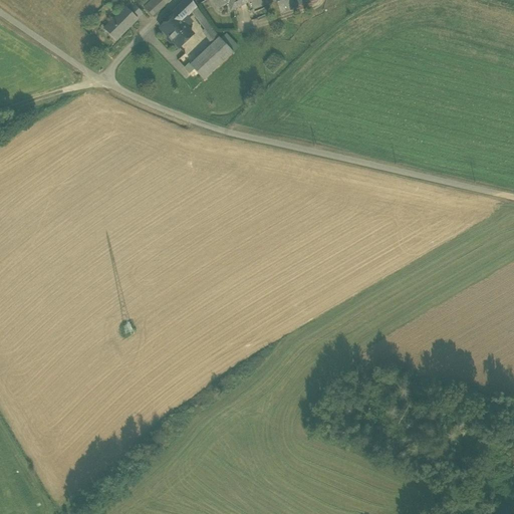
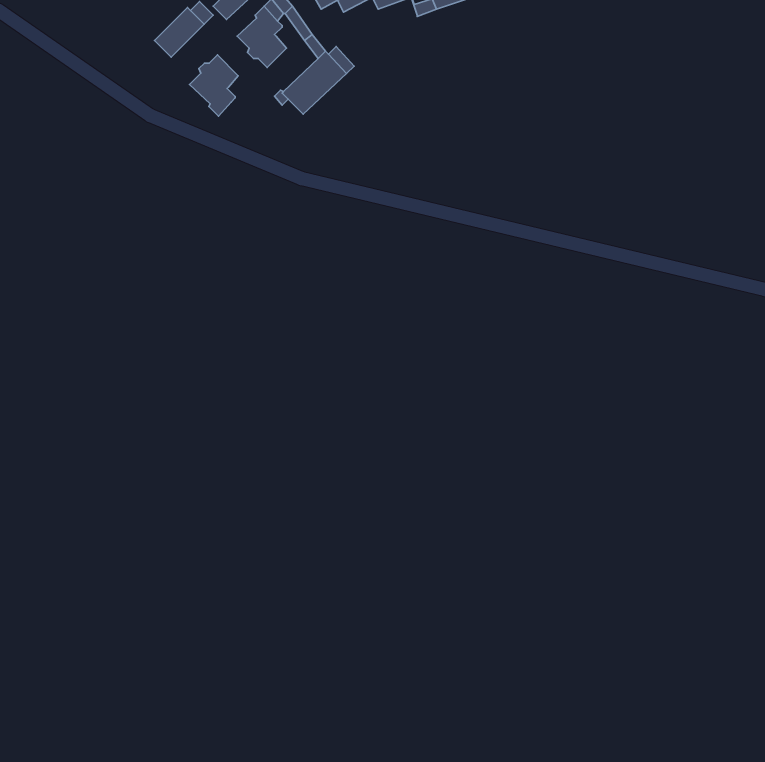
building: none -> [190,55,238,116]

